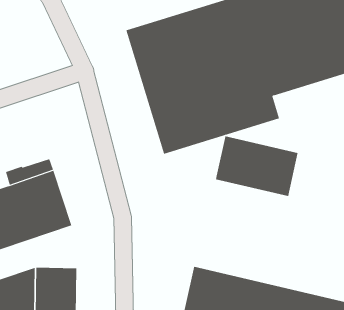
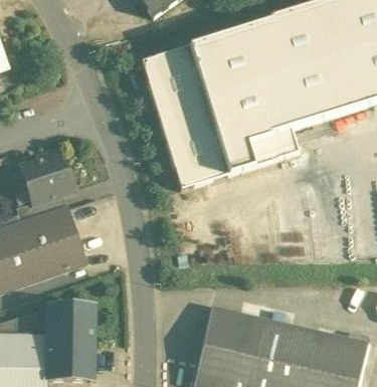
building: none -> [19,150,70,202]
building: [215,135,298,197] -> none

